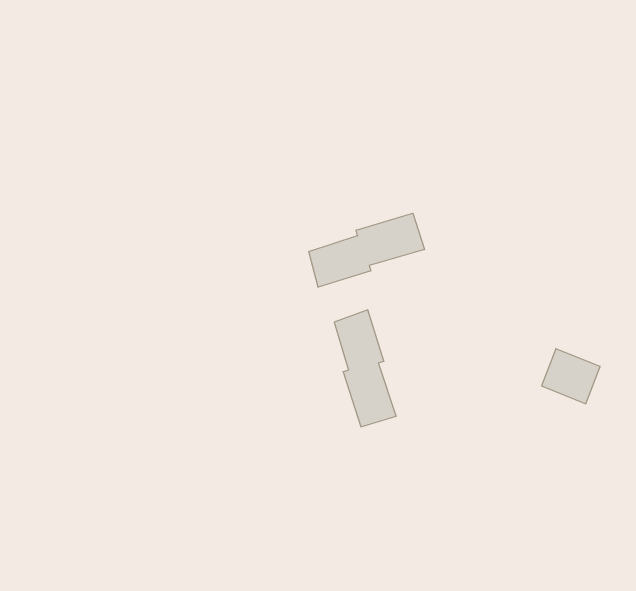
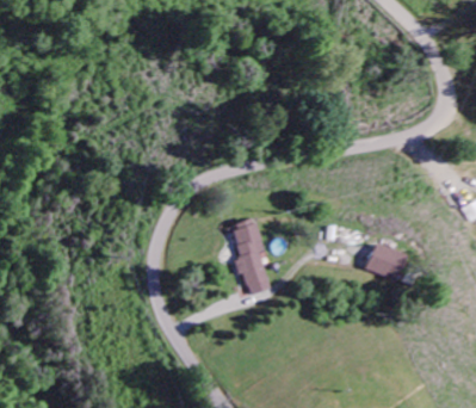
building: [309,213,425,287] -> none

